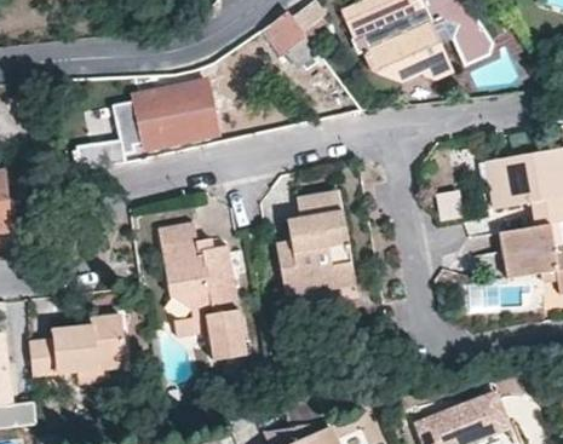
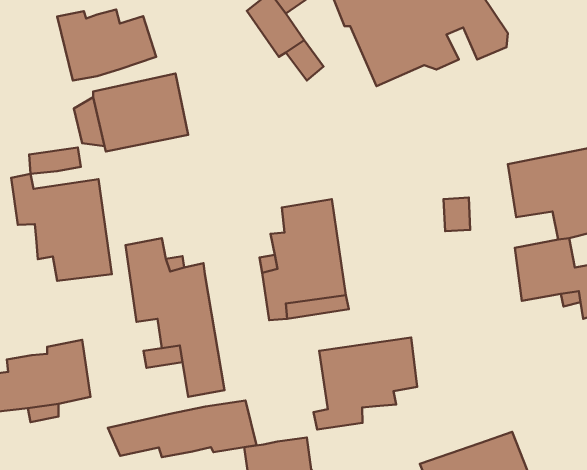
building: none -> [57,10,156,80]
building: none -> [11,174,112,281]
building: none -> [313,337,417,429]
building: none -> [108,400,257,457]

